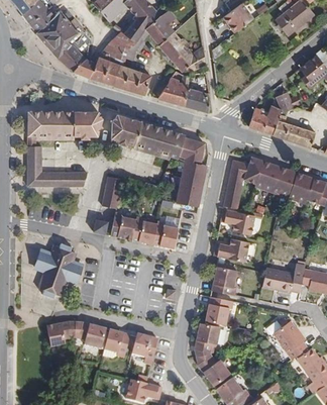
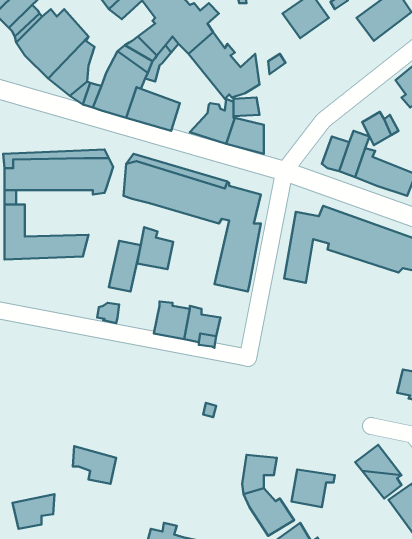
building: [221,206,255,231] -> none
building: [111,212,136,241] -> [137,227,173,269]
building: [215,237,250,261] -> none
building: [34,240,84,294] -> none
building: [262,263,306,291] -> none
building: [211,266,239,293] -> none
building: [205,296,235,322] -> [291,469,335,507]
building: [47,320,77,344] -> [13,494,55,529]
building: [105,328,130,358] -> none
building: [132,332,157,363] -> none

